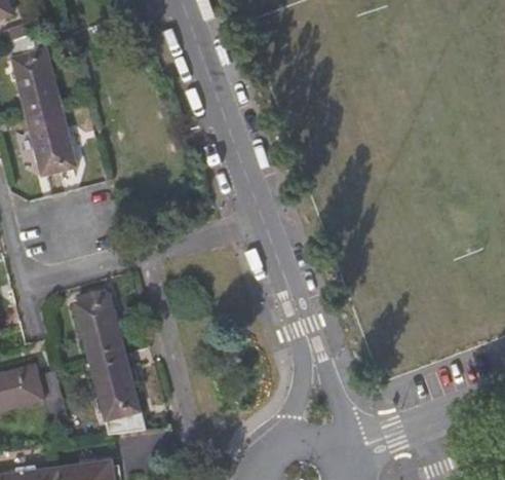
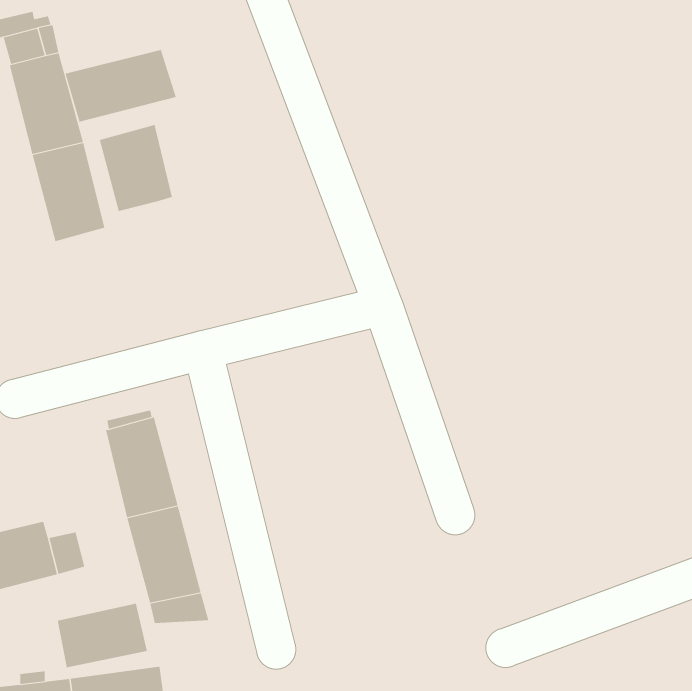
building: none -> [65,49,177,122]
building: none -> [99,124,172,212]
building: none -> [57,603,147,668]

